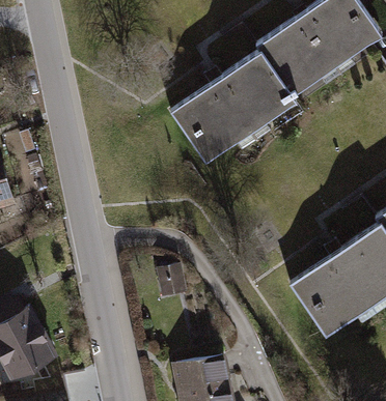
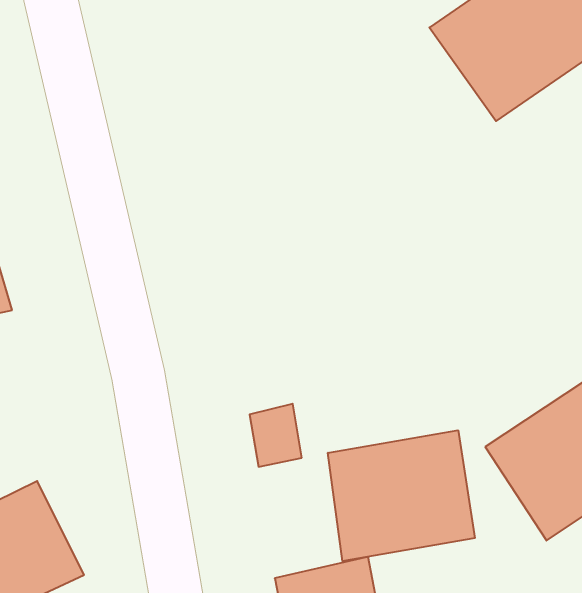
building: [170,52,300,165] -> none
building: none -> [328,430,475,561]

